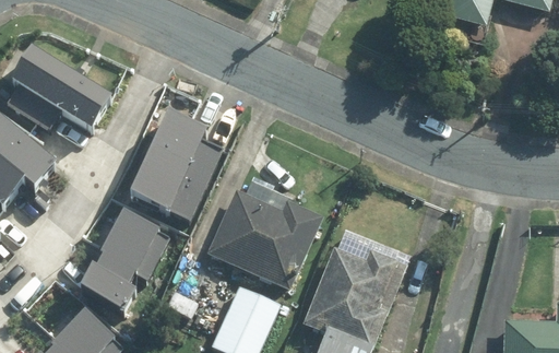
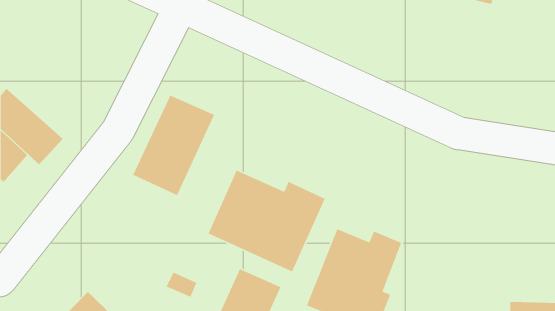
building: [12,43,112,121] -> none
building: [83,211,168,311] -> none

